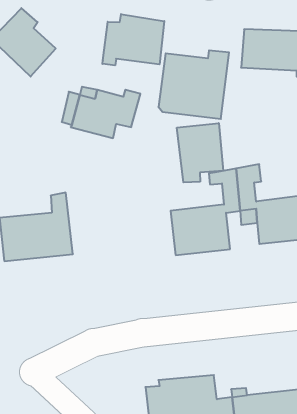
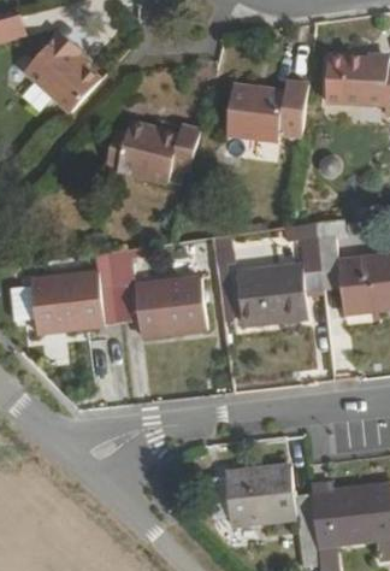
building: [102,14,164,65] -> none
building: [177,123,223,182] -> none
building: none -> [112,247,207,335]

